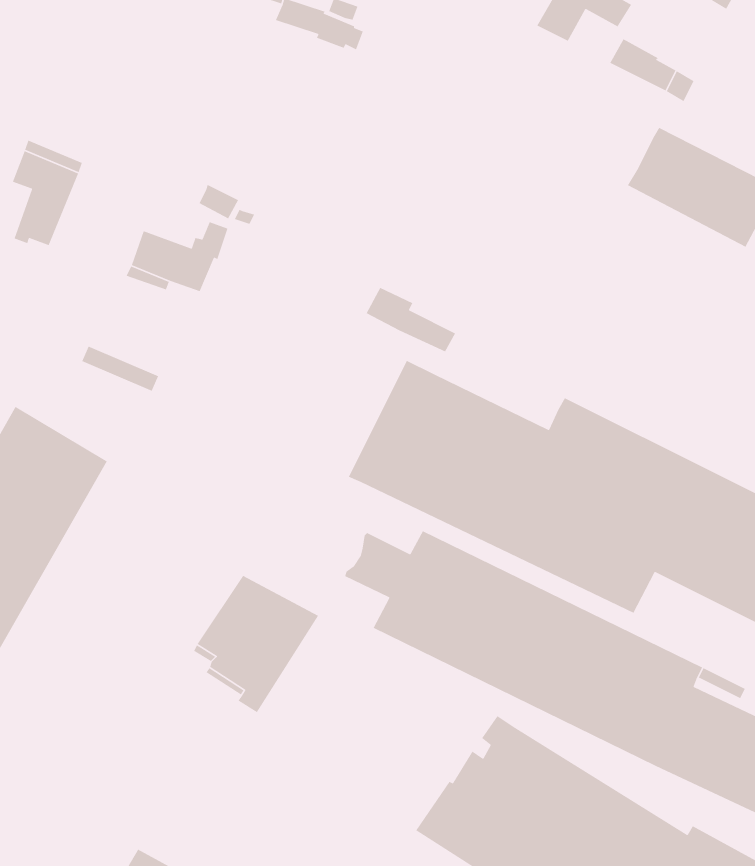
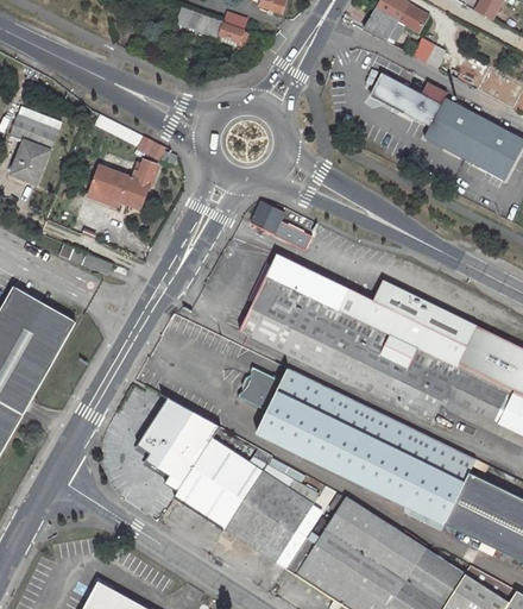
building: none -> [372,74,442,125]
building: none -> [174,438,319,563]

